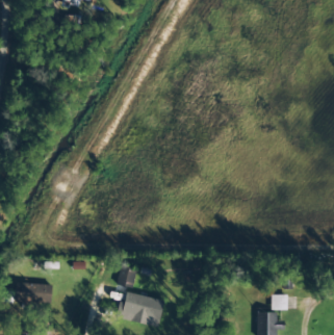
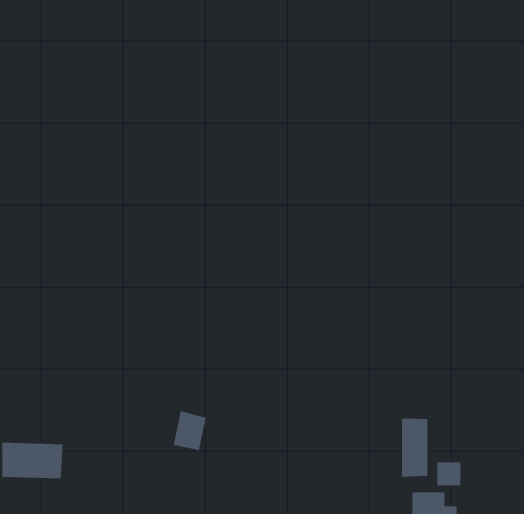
building: none -> [401,418,428,477]
building: [122,292,163,321] -> none

